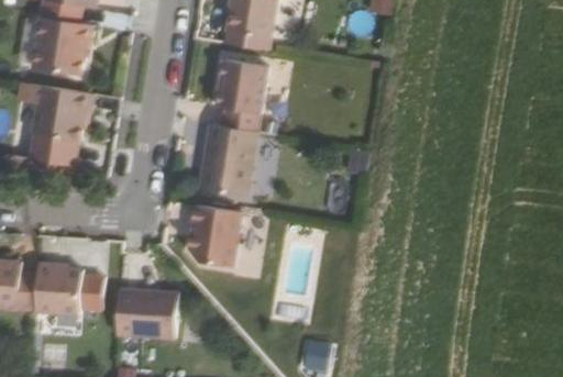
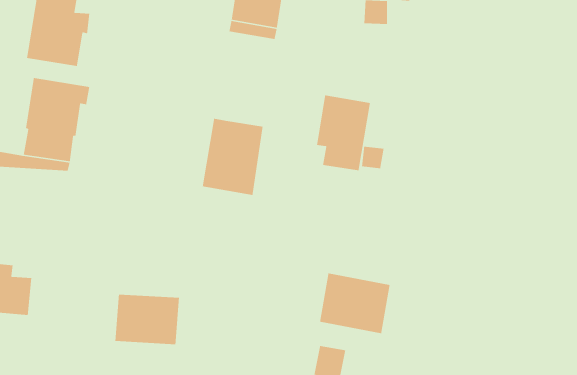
building: [216,58,267,131] -> [316,94,371,171]
building: [188,204,241,266] -> none
building: [34,267,102,313] -> none
building: none -> [319,272,390,334]

